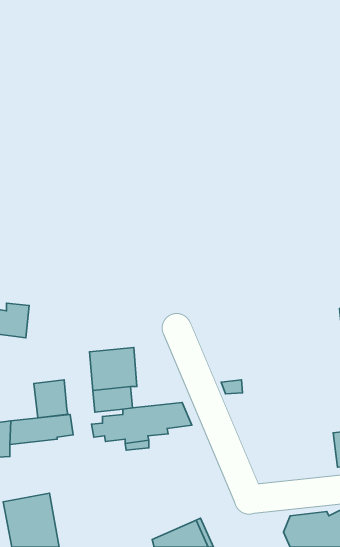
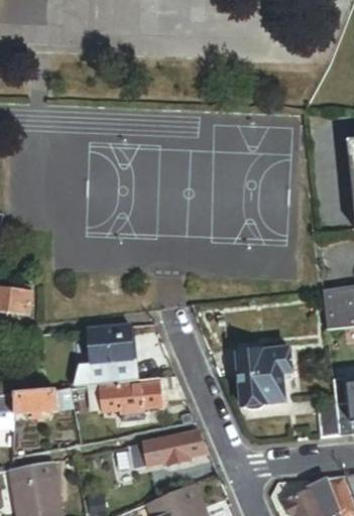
building: none -> [236,348,292,404]
building: [34,380,68,418] -> none
building: none -> [123,430,208,468]

